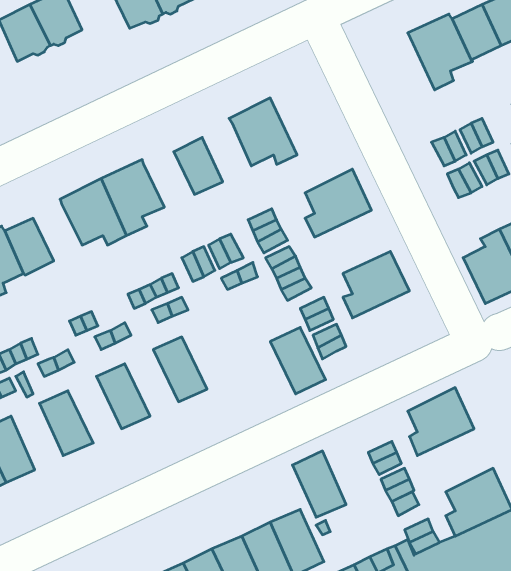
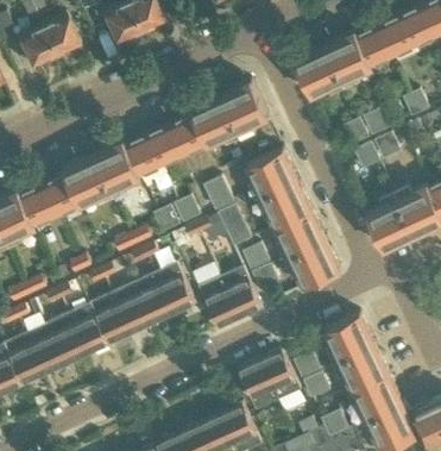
building: none -> [294,45,345,96]
building: none -> [221,80,269,137]
building: none -> [170,113,207,157]
building: none -> [126,134,164,177]
building: none -> [43,174,80,217]
building: none -> [254,178,311,226]
building: none -> [283,239,340,287]
building: none -> [155,263,196,313]
building: none -> [199,277,240,327]
building: none -> [112,283,152,333]
building: none -> [69,303,109,353]
building: none -> [26,324,65,374]
building: none -> [332,343,389,390]
building: none -> [260,349,301,400]

